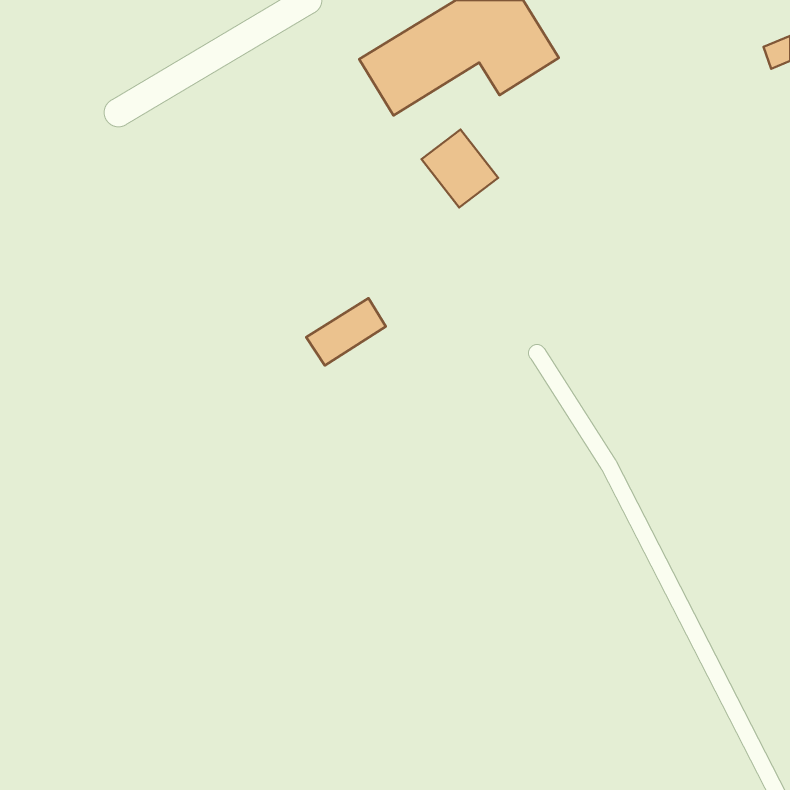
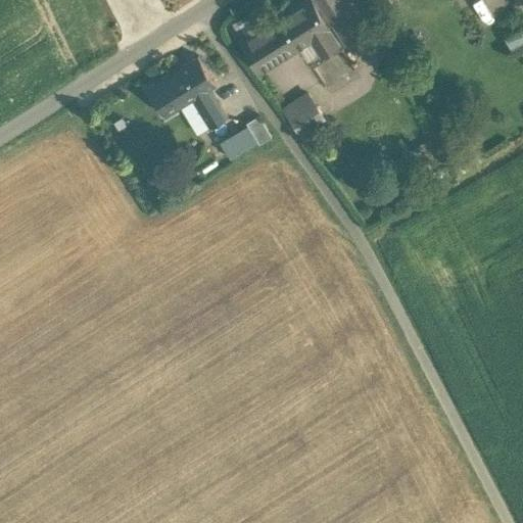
building: none -> [156,58,227,131]
building: [306,298,386,365] -> [215,117,267,161]

